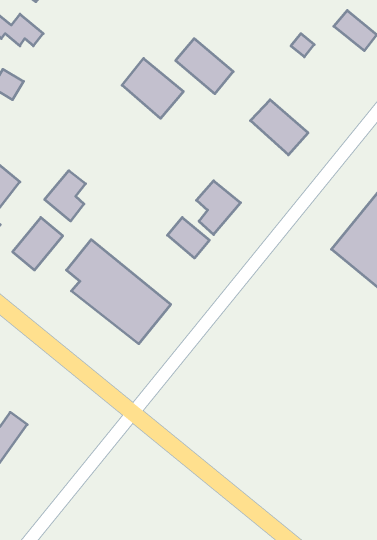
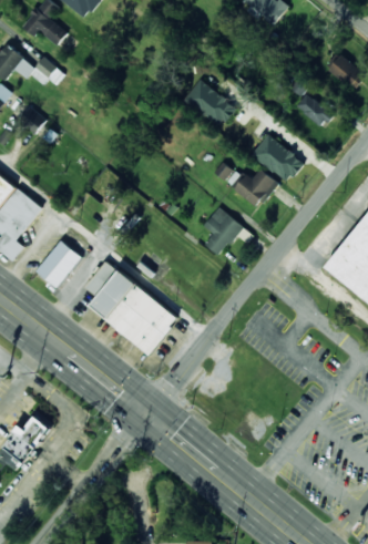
building: none -> [295,92,331,126]
building: [122,58,183,118] -> none
building: none -> [233,167,277,207]
building: [45,171,86,221] -> none
building: [167,217,209,258] -> none

